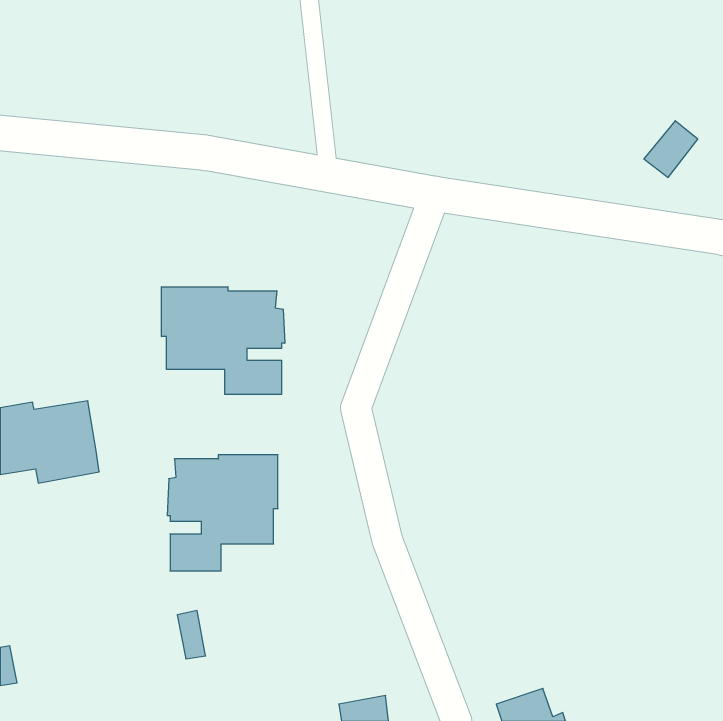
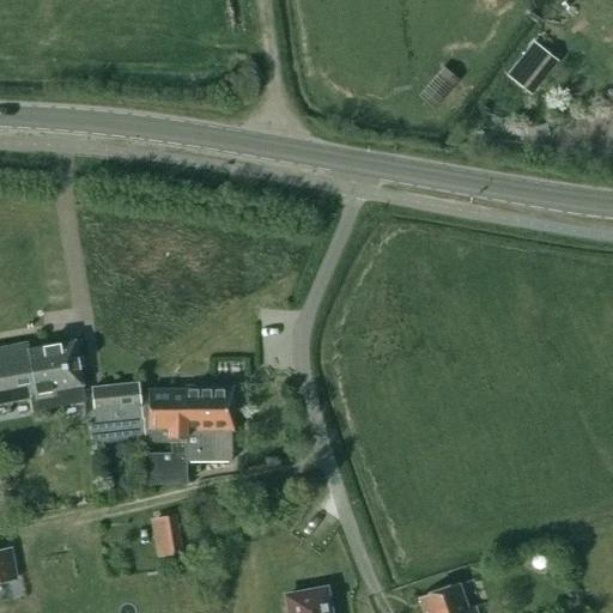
building: [644,121,698,177] -> [511,43,557,91]
building: [162,287,285,394] -> none
building: none -> [87,382,144,442]

